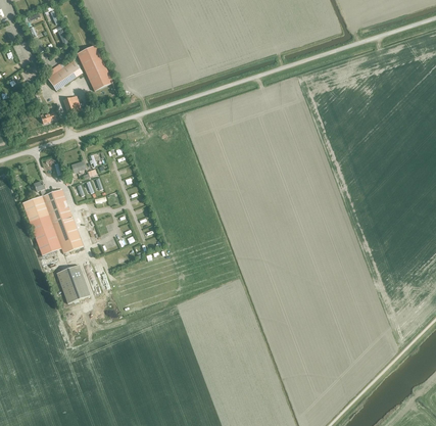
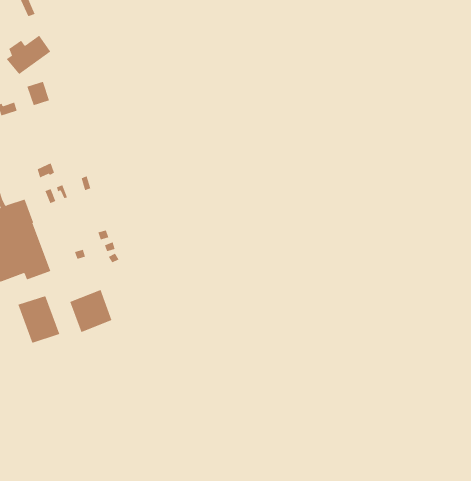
building: [77,44,113,90] -> none
building: none -> [70,289,112,333]

